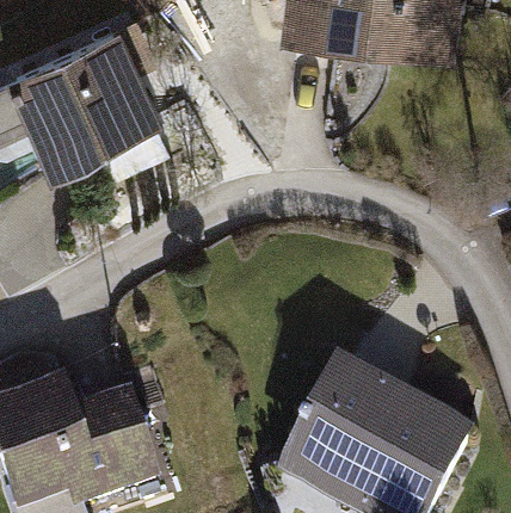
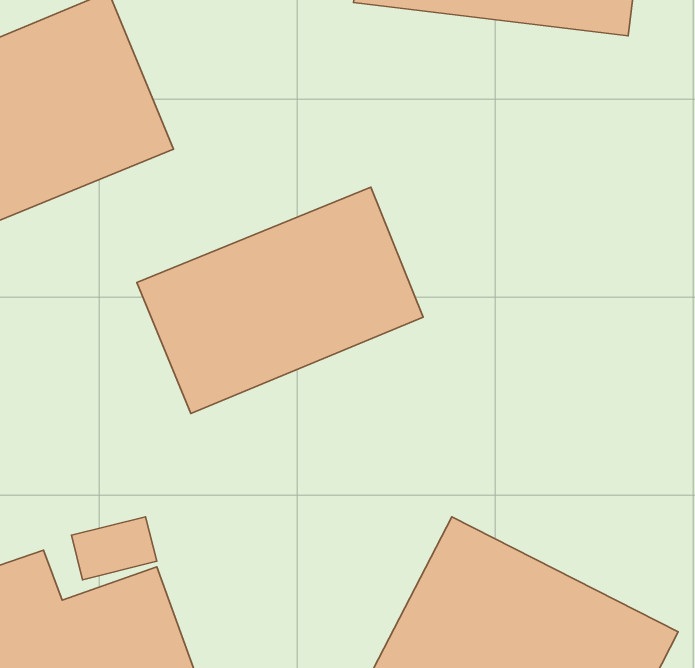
building: none -> [137,187,423,413]

